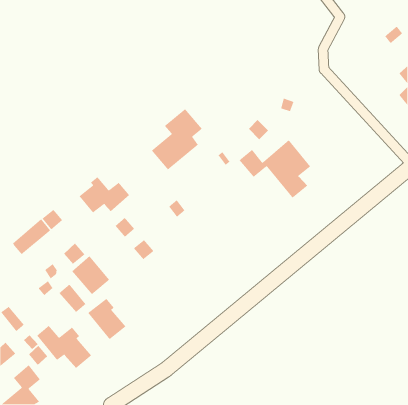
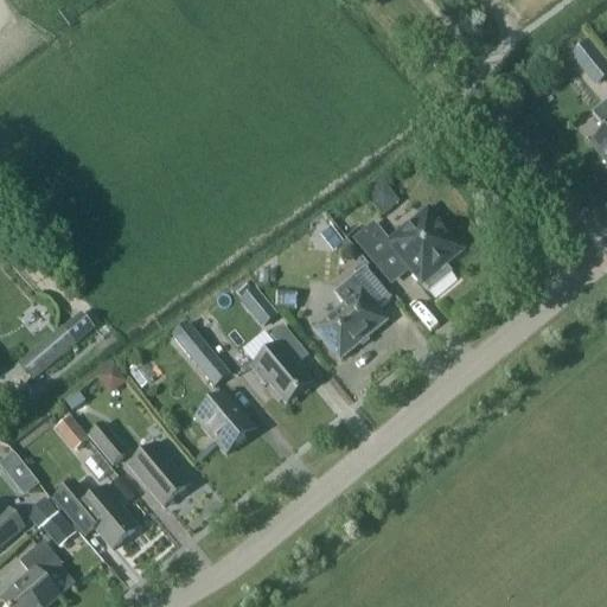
building: [151,108,203,171] -> [314,264,391,357]
building: [78,176,130,214] -> none
building: none -> [250,322,311,402]
building: [71,255,110,295] -> [196,391,254,451]

